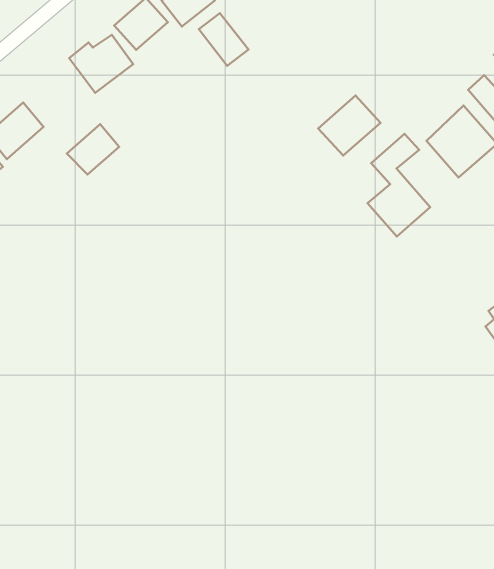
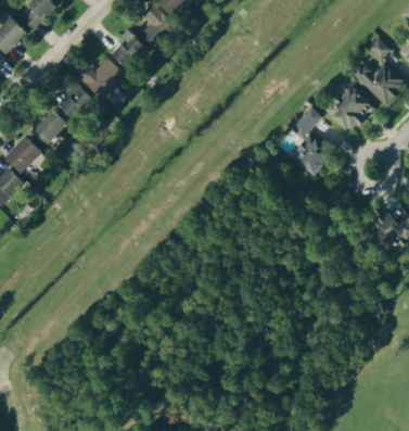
building: [199,13,248,66] -> none
building: [318,96,380,156] -> none
building: [67,124,119,175] -> [57,84,92,118]

